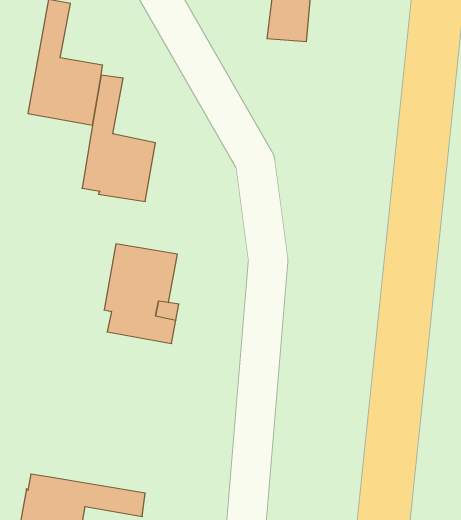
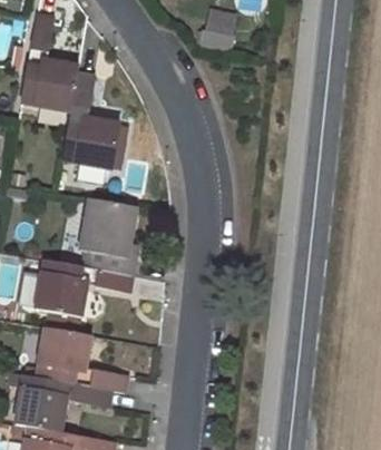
building: none -> [36,260,131,316]
building: none -> [39,327,127,391]

